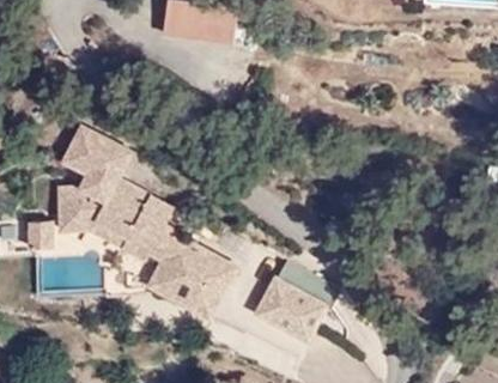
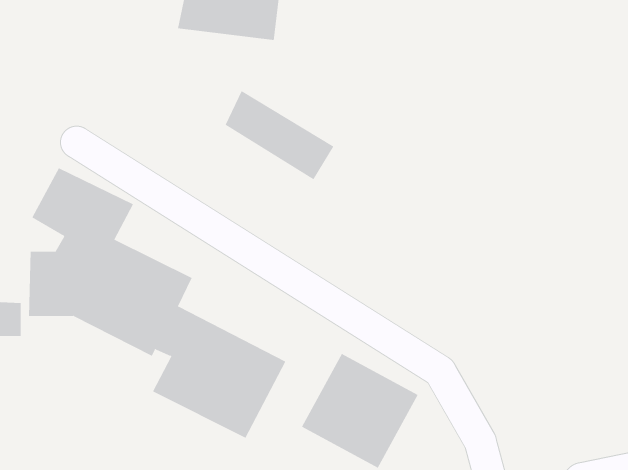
building: none -> [225,90,334,180]

